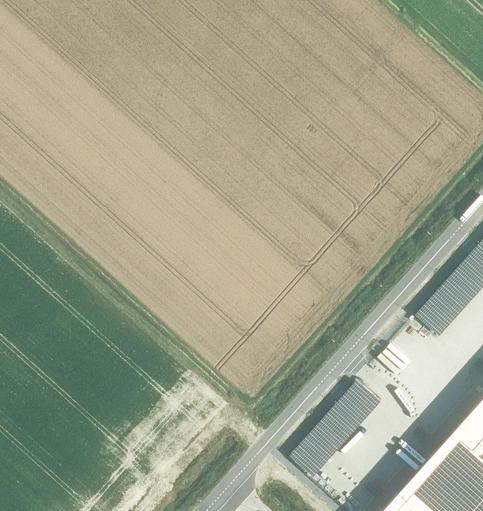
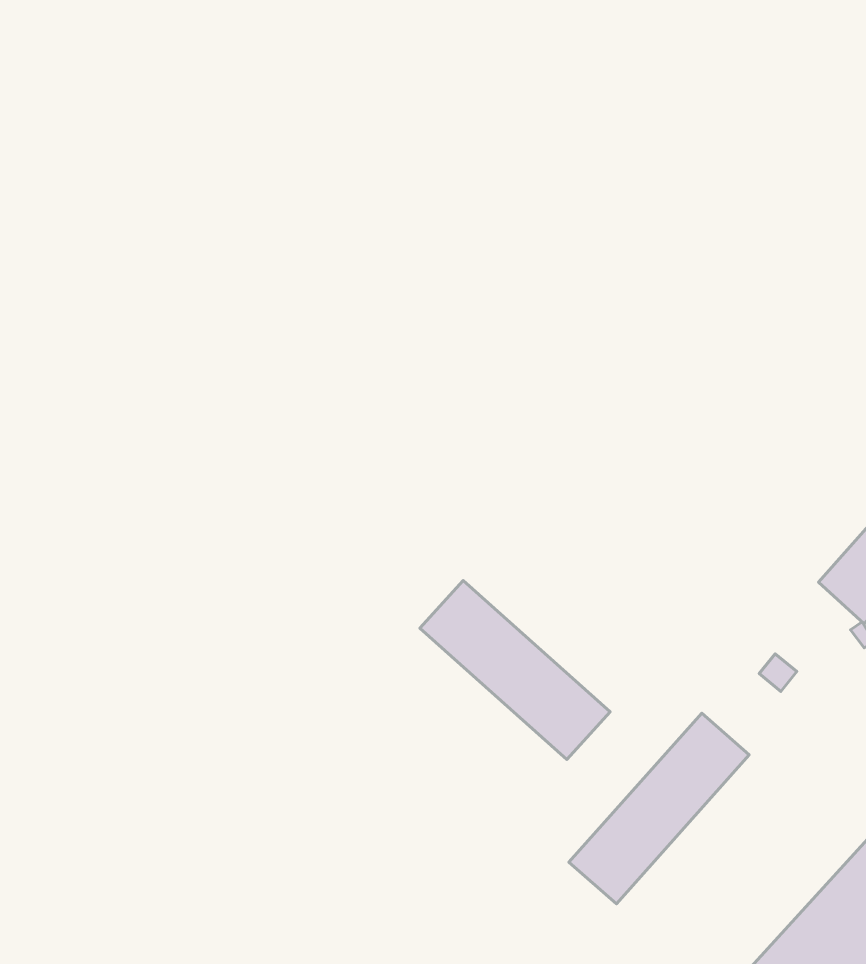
building: none -> [420,581,610,759]

